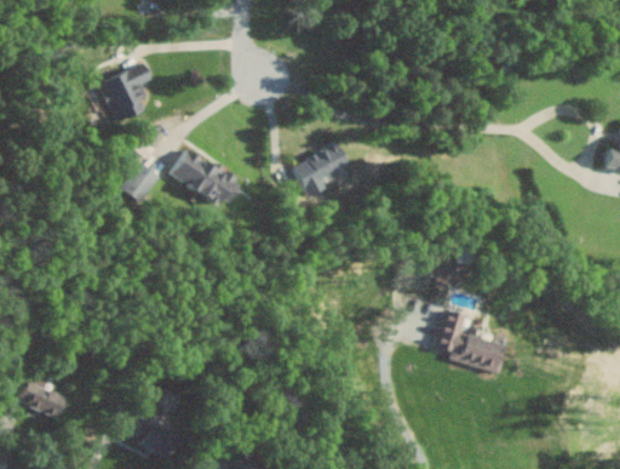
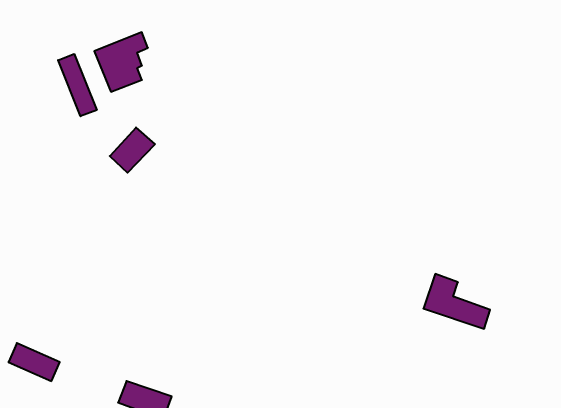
building: none -> [58,54,97,116]
building: [293,143,350,198] -> none
building: [170,148,242,206] -> none

